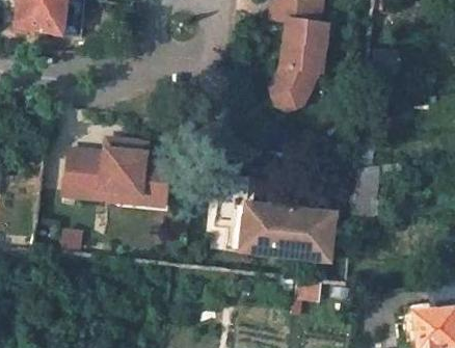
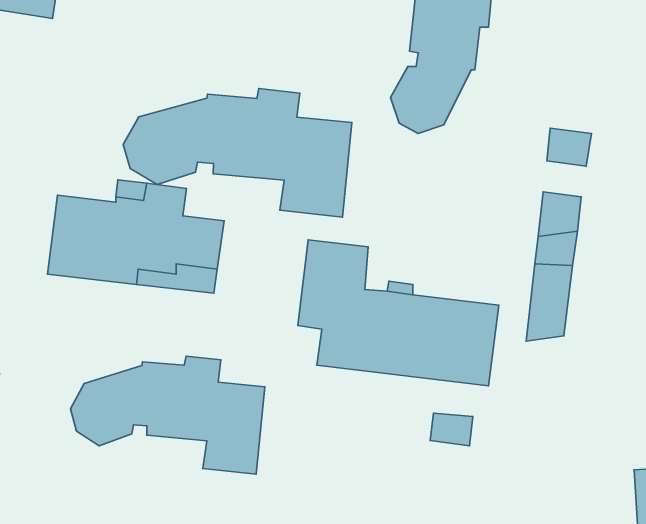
building: none -> [123,89,352,217]
building: none -> [71,356,265,474]

